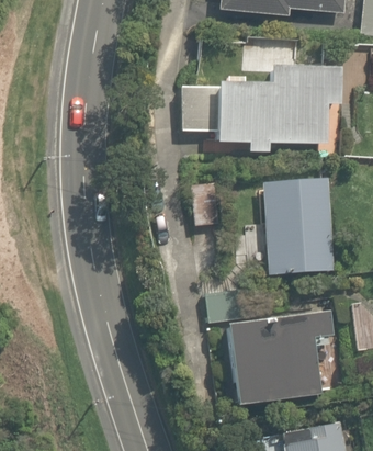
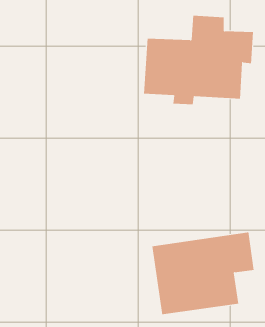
building: [267,176,338,273] -> none

